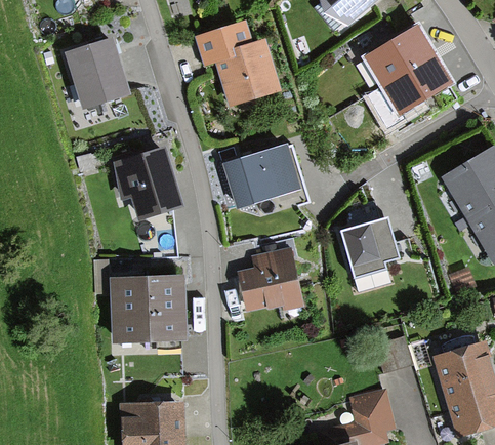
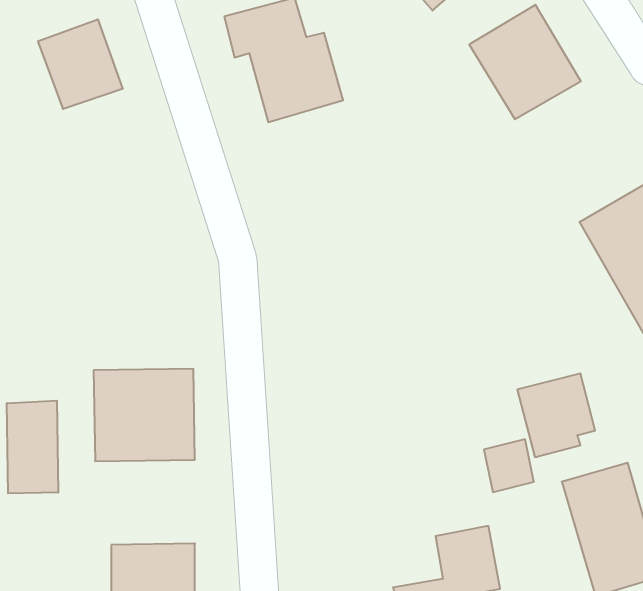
building: [225,146,301,208] -> none
building: [116,150,177,219] -> none
building: [343,213,398,272] -> [517,373,595,457]
building: [234,252,292,311] -> none
building: none -> [7,401,58,493]

